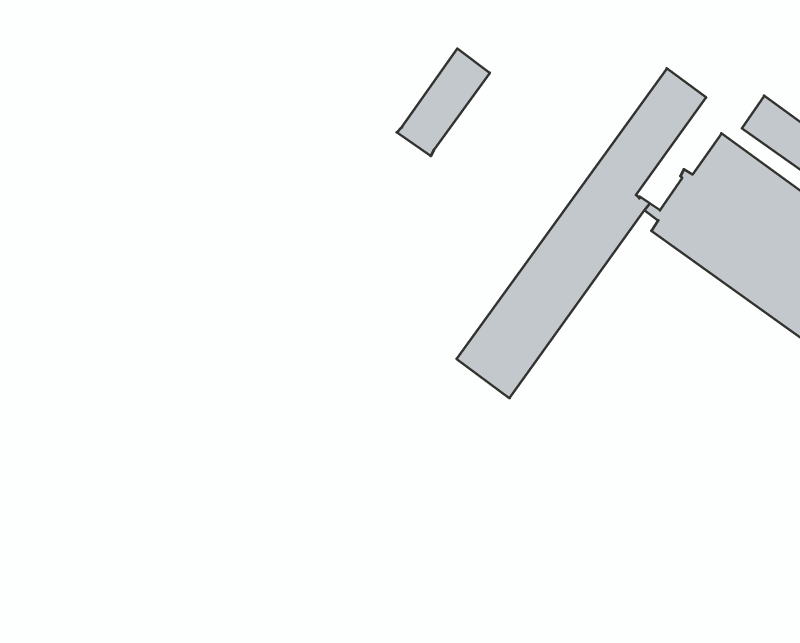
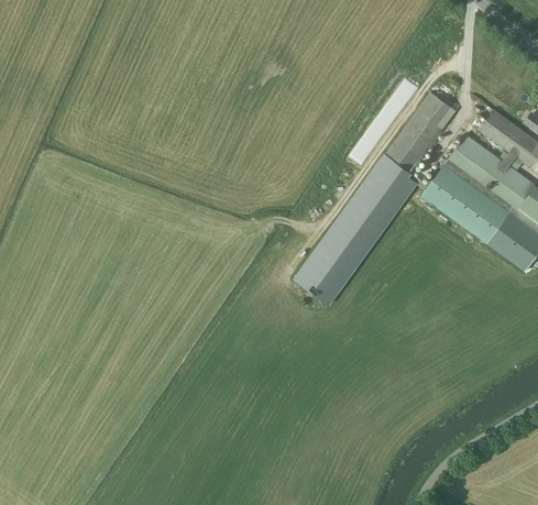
building: [397,49,490,156] -> none

